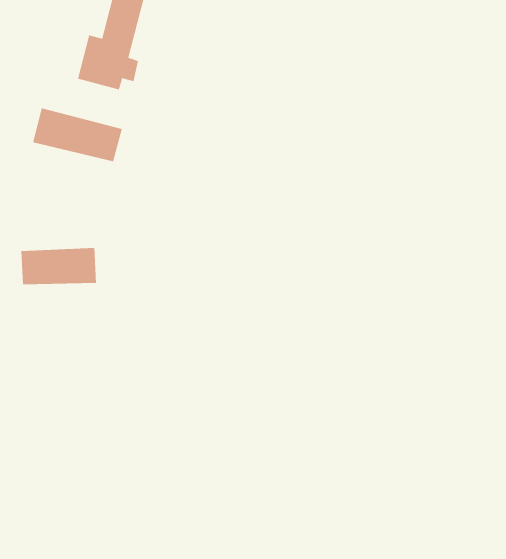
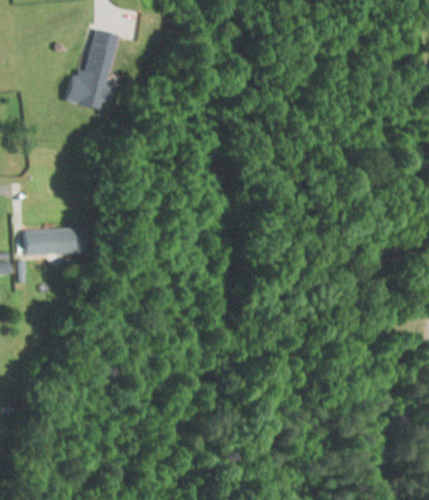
building: [32,107,123,162] -> none

